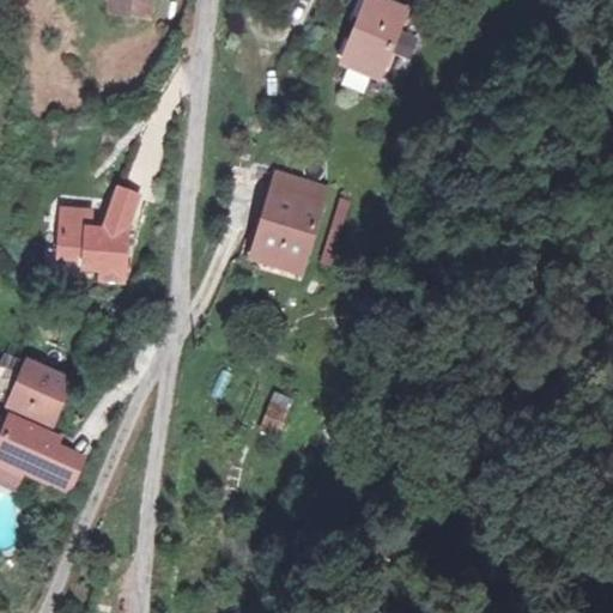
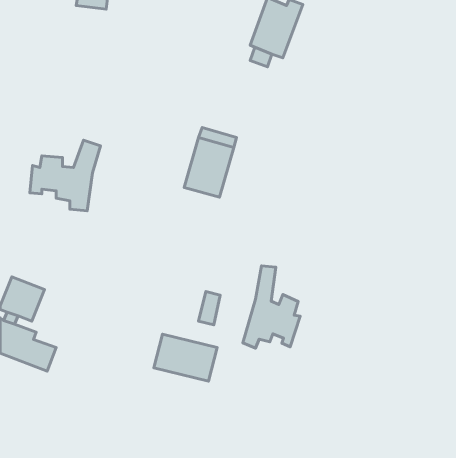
building: none -> [243,266,300,348]
building: none -> [154,334,217,381]

